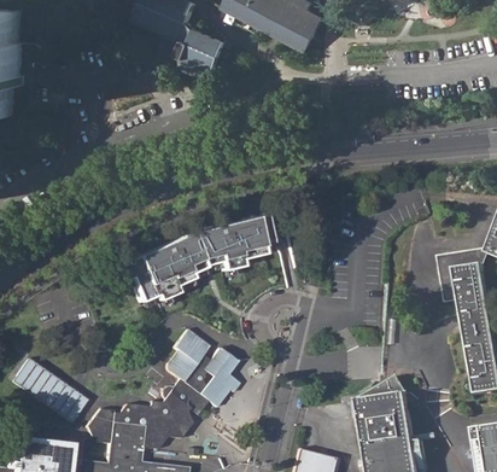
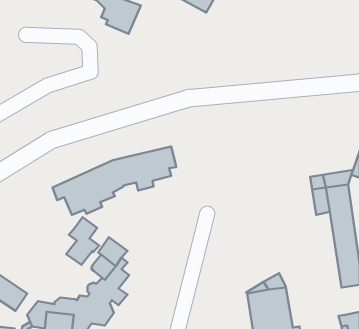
building: [197,348,238,407] -> [66,217,99,265]

